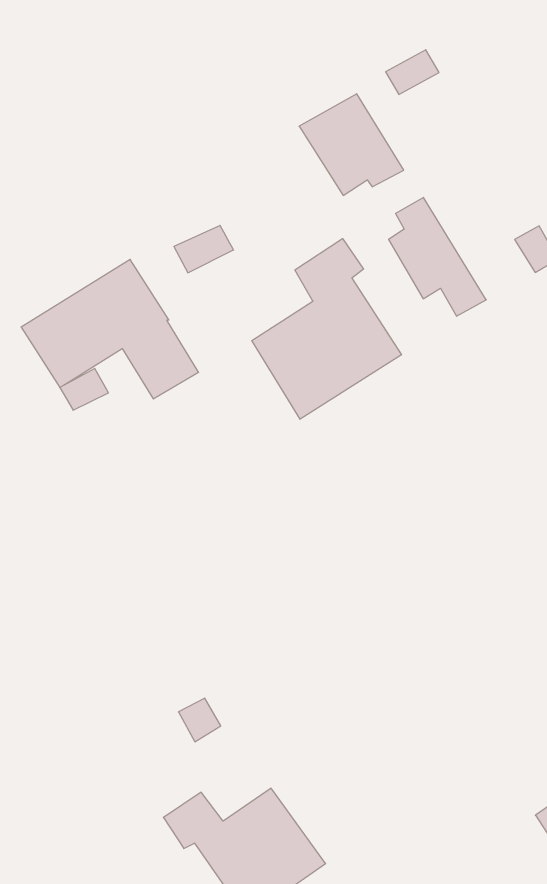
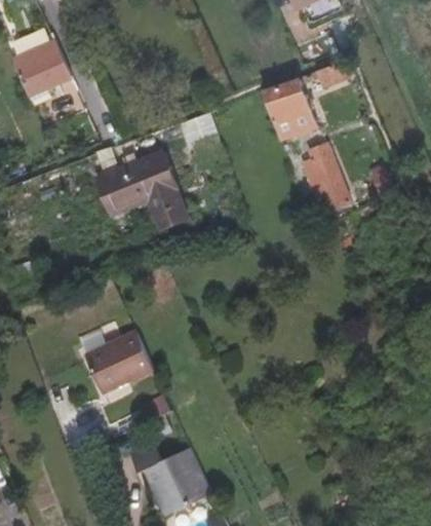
building: [252,239,401,419] -> none
building: none -> [82,333,151,394]

